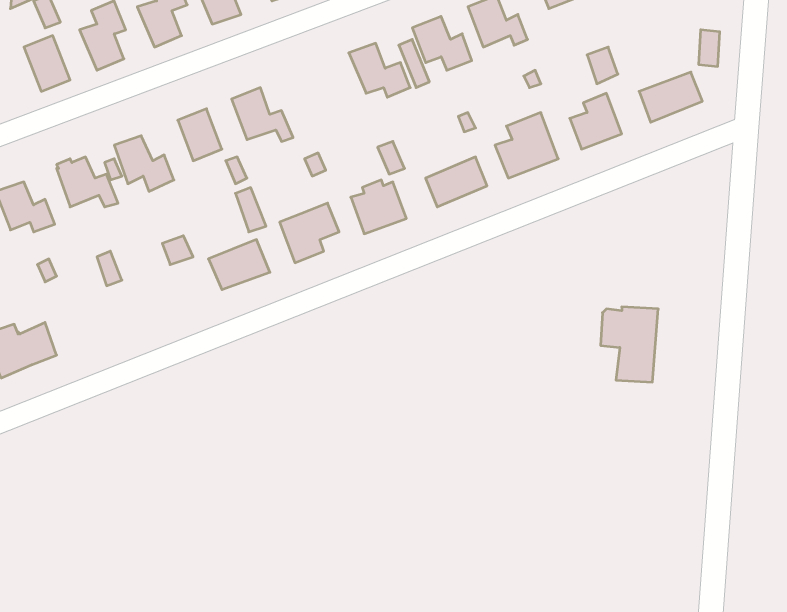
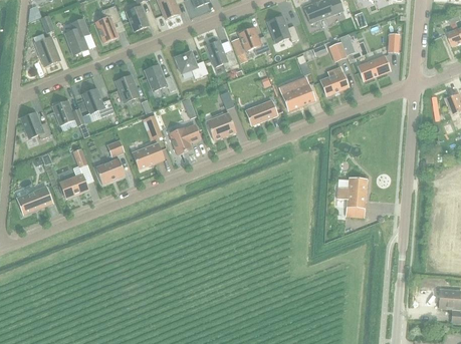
building: none -> [175,51,208,78]
building: none -> [95,157,125,184]
building: none -> [59,173,88,198]

